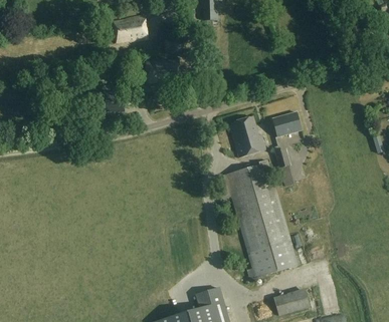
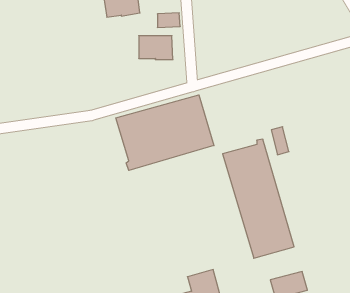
building: [271,111,301,136] -> none
building: [228,115,264,157] -> none
building: none -> [116,95,214,170]

